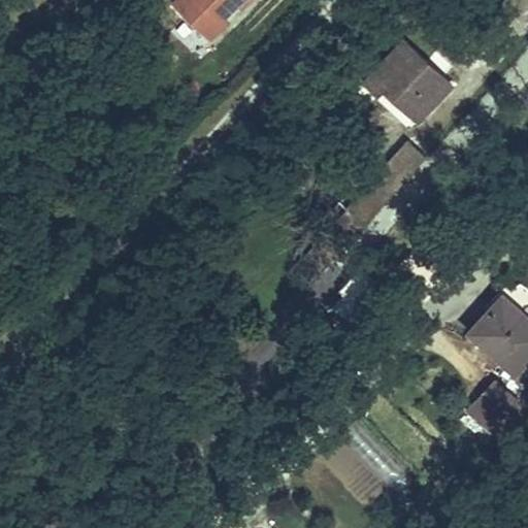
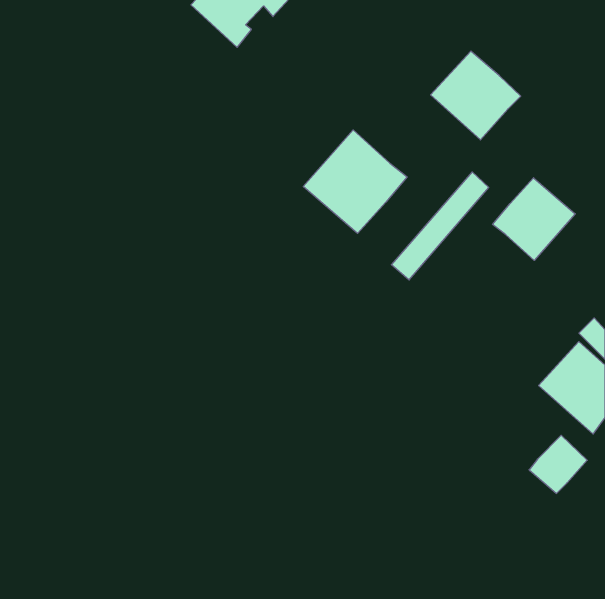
building: none -> [303,130,407,233]
building: none -> [493,178,575,260]

